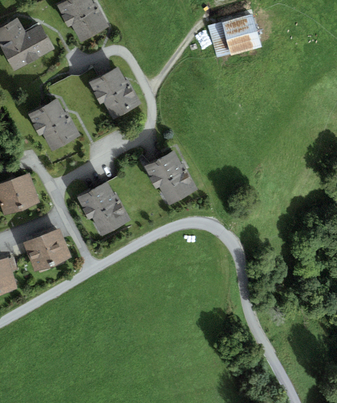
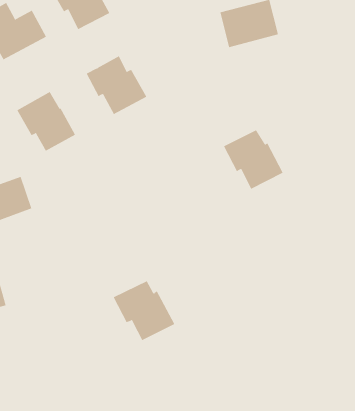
building: [143,150,197,204] -> [223,129,283,190]
building: [75,181,131,235] -> [113,281,175,341]
building: [22,228,70,271] -> none

